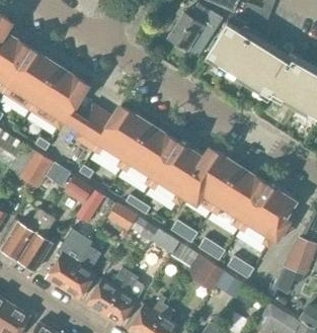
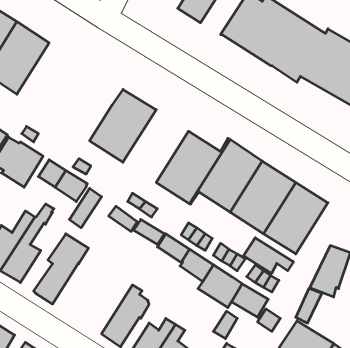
building: [31,66,87,128] -> none
building: [76,108,112,149] -> none
building: [122,122,177,184] -> none
building: none -> [244,238,293,274]
building: [62,245,100,298] -> none
building: [86,266,130,313] -> none

